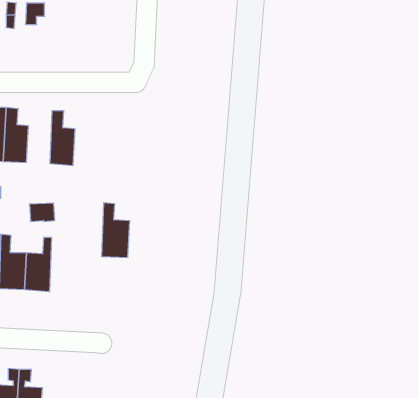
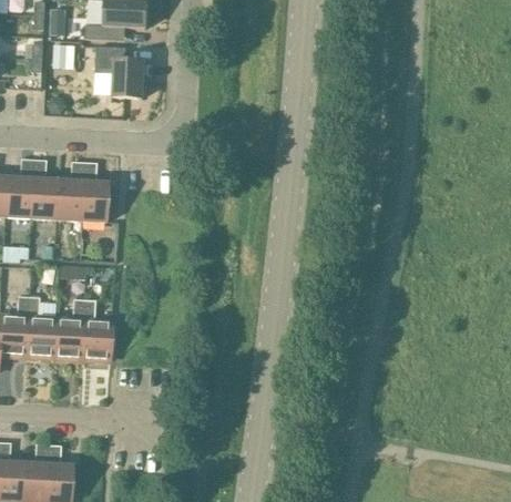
building: none -> [94,47,143,99]
building: none -> [54,162,82,221]
building: [101,203,130,258] -> [80,301,111,361]

